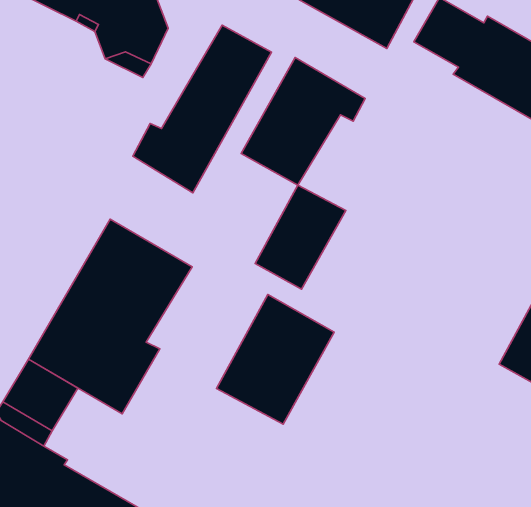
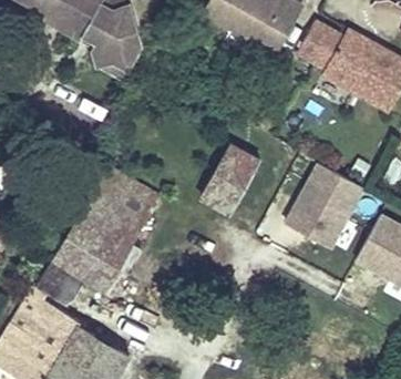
building: [133,25,271,193] -> none
building: [241,57,365,185] -> none
building: [217,295,334,424] -> [287,163,363,247]

